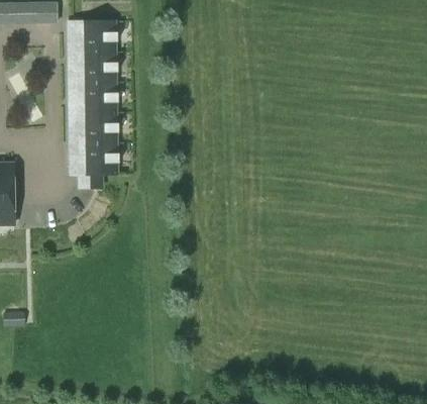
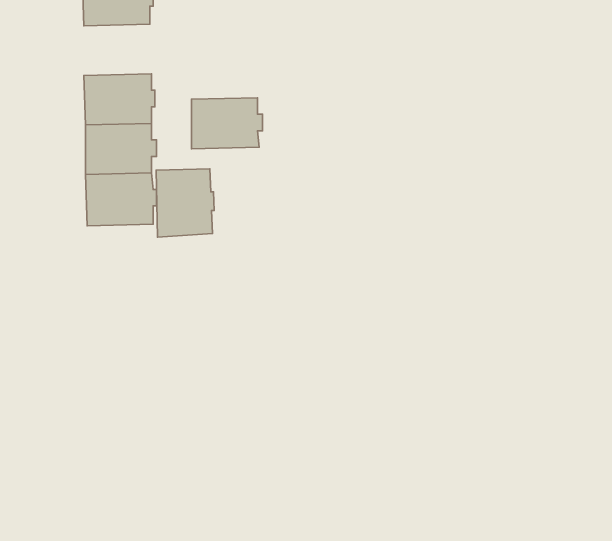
building: [75,52,118,83] -> [191,98,263,149]
building: none -> [156,169,214,237]

